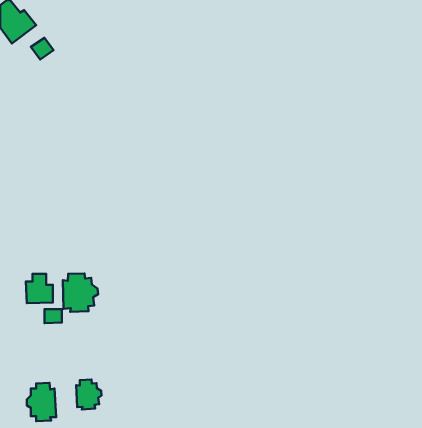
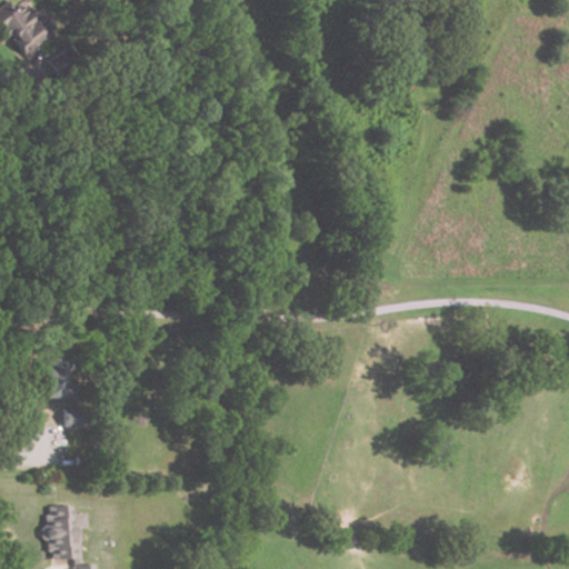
building: [63,273,98,312] -> none
building: [76,380,102,409] -> none

